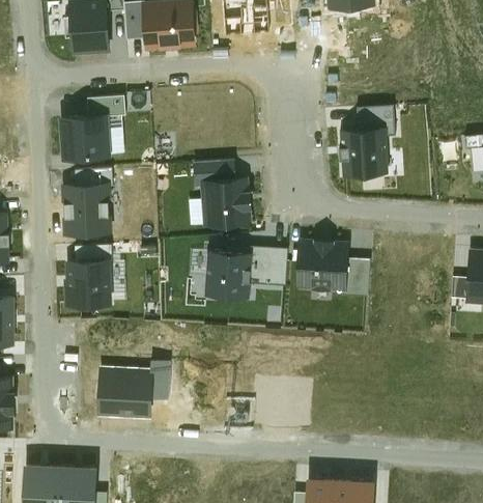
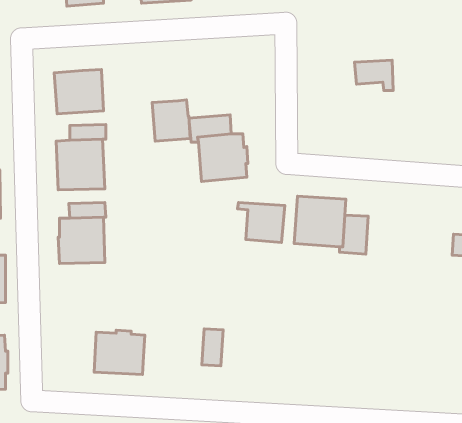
building: [87,97,125,117] -> none
building: [340,129,387,175] -> none
building: none -> [152,100,190,141]
building: [205,251,251,298] -> none
building: [148,363,169,399] -> [202,329,223,366]

